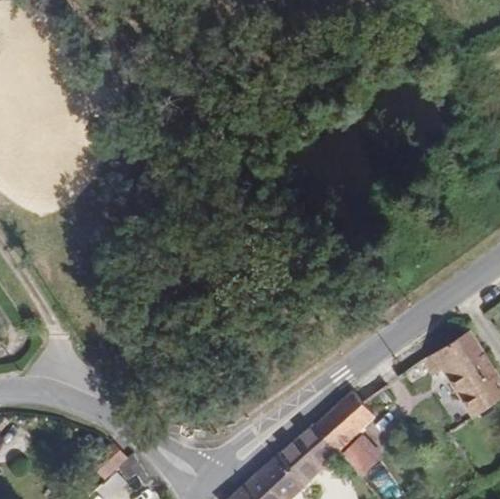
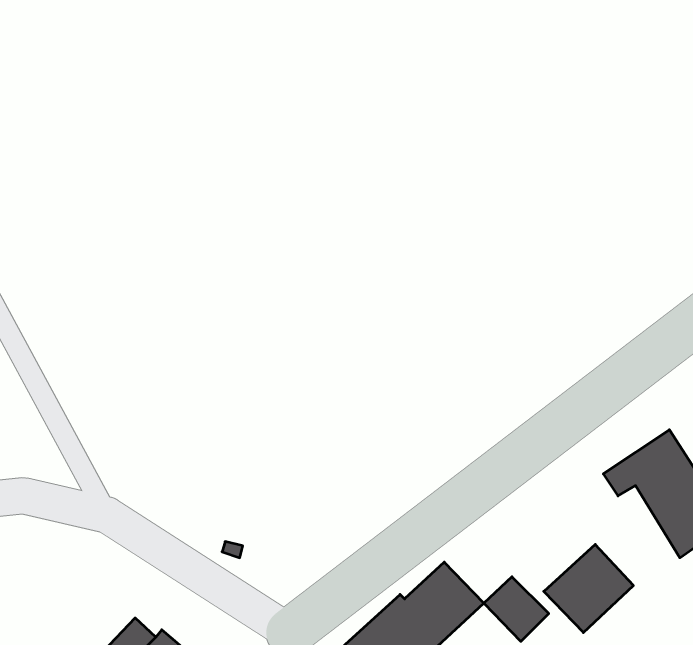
building: [315,391,376,451] -> [544,544,633,633]

